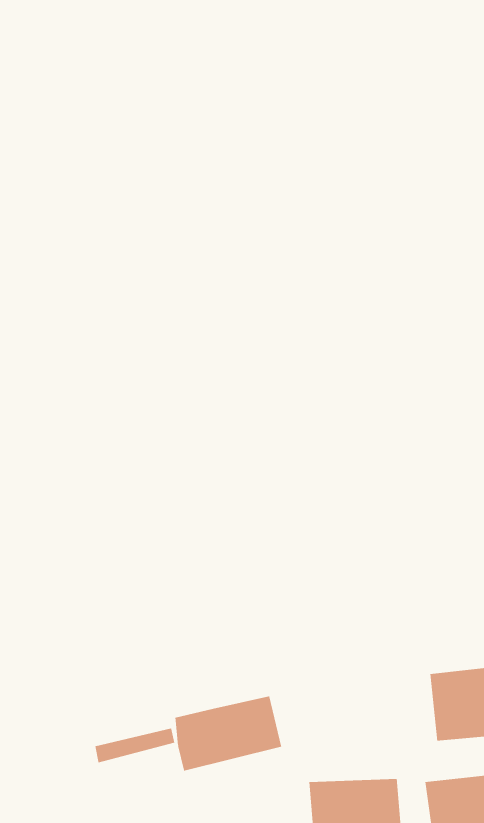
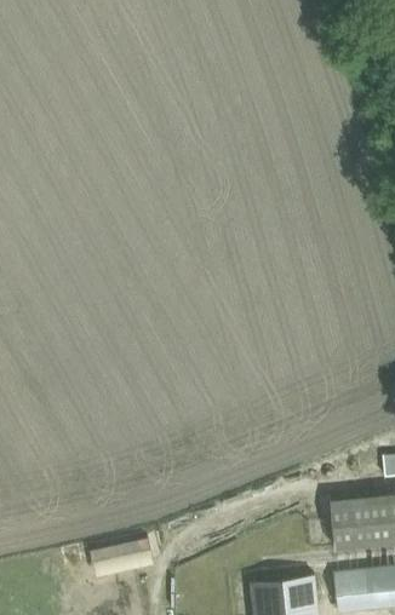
building: [175,695,282,771] -> none

